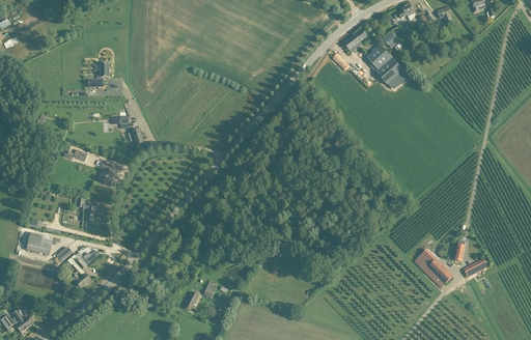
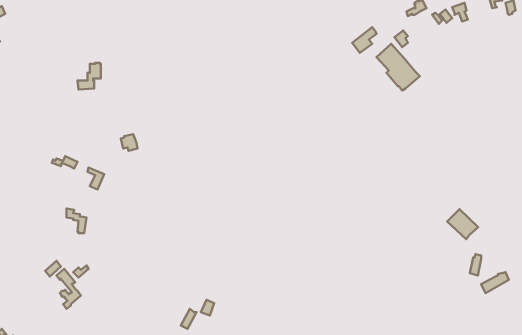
building: [26,232,53,254] -> none
building: [423,259,452,287] -> [447,209,478,239]

